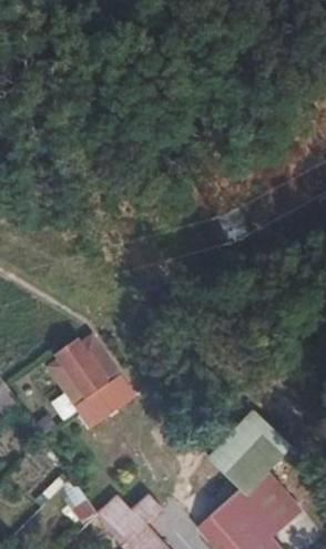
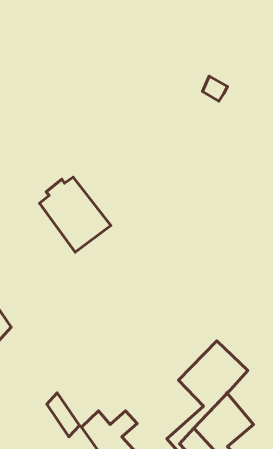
building: [50,338,132,425] -> [40,177,111,252]

